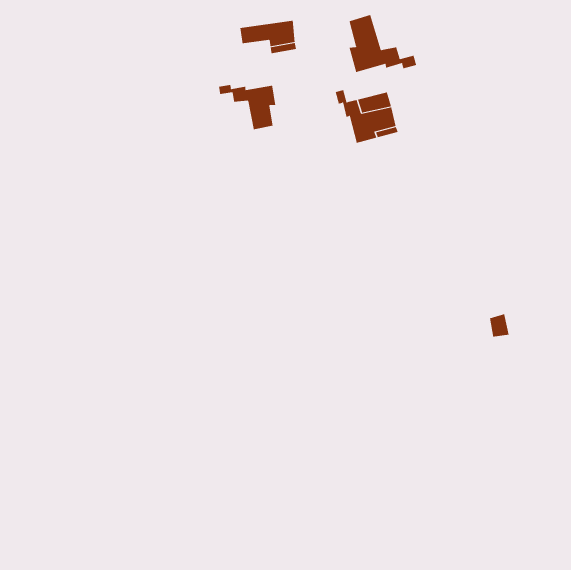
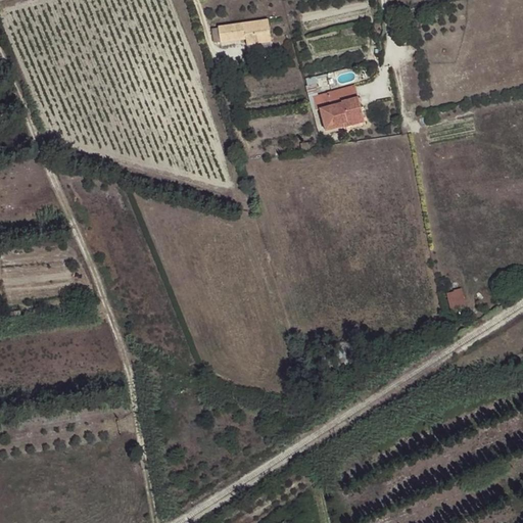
building: [349,14,417,73] -> none
building: [218,84,276,130] -> none

